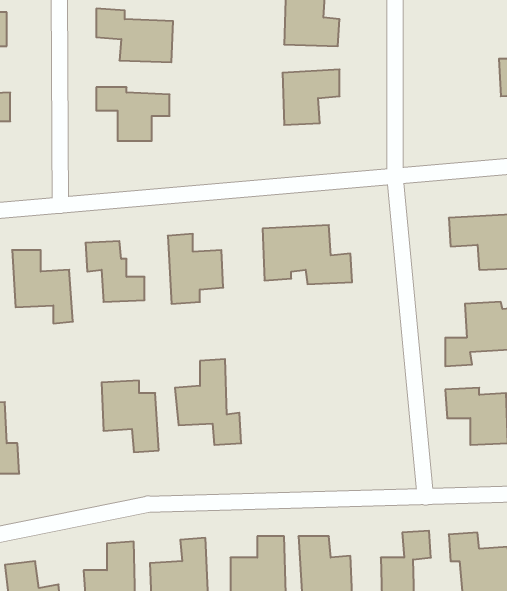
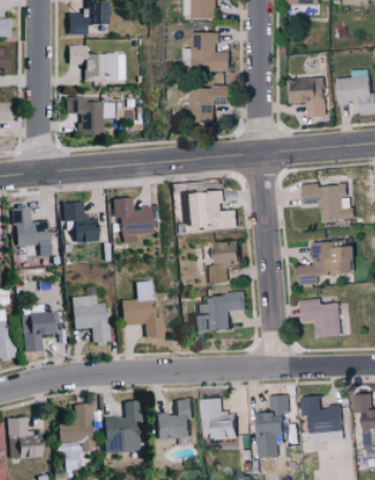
building: none -> [289,76,328,119]
building: none -> [207,242,238,284]
building: none -> [189,296,248,331]
building: none -> [22,312,58,352]

